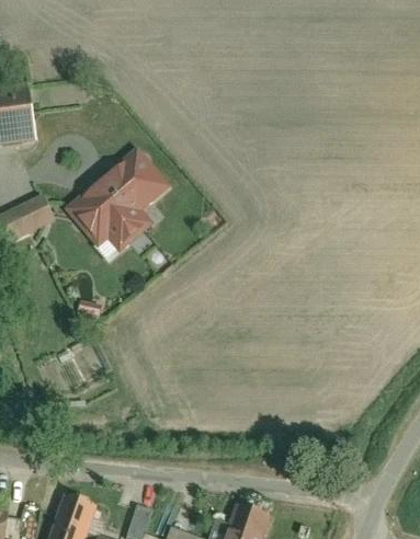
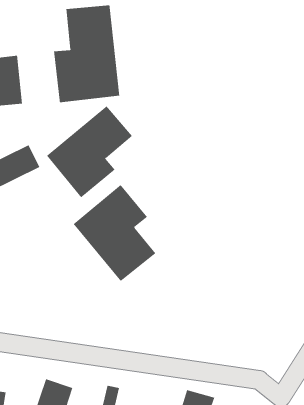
building: none -> [54,5,120,103]
building: none -> [73,184,156,282]

